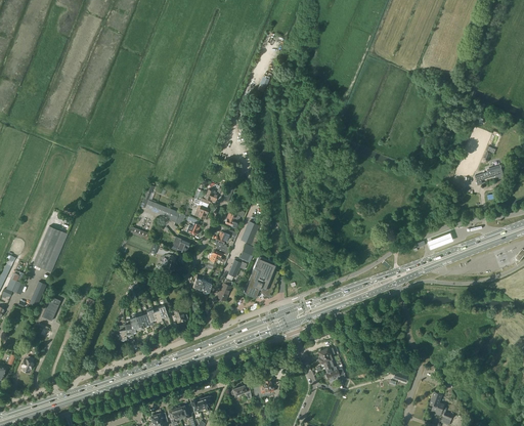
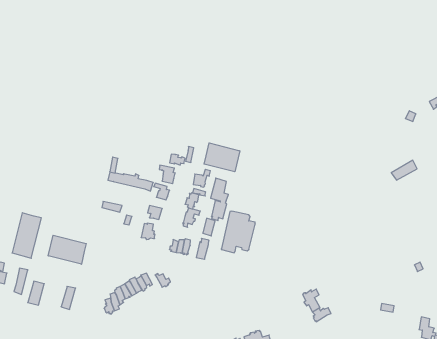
building: none -> [204,143,240,172]
building: none -> [48,235,86,264]

